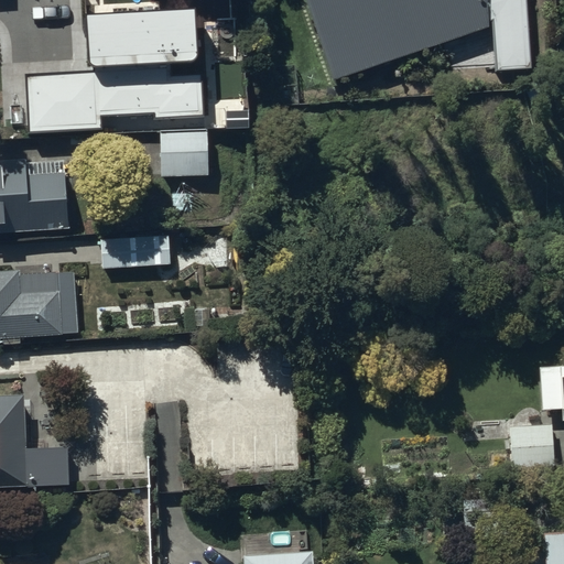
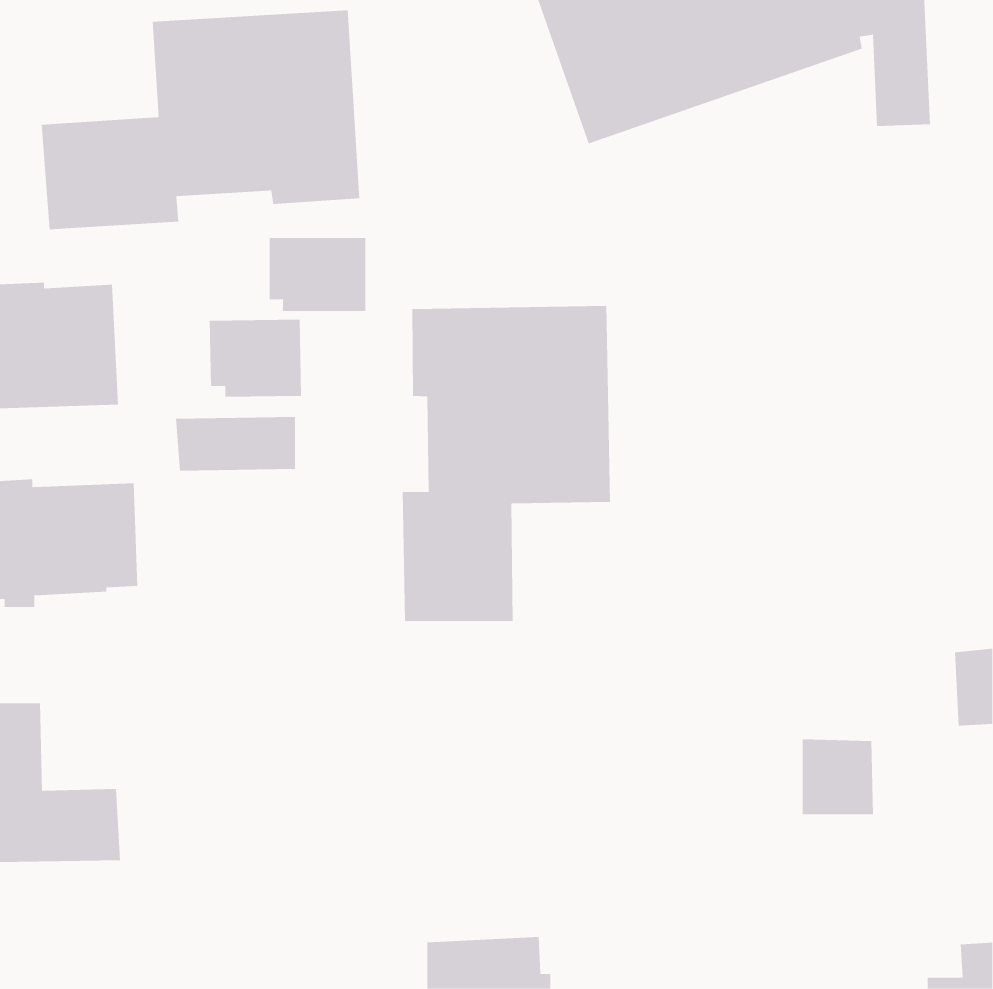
building: none -> [402,305,611,622]
building: none -> [209,319,301,398]
building: [511,424,552,467] -> [802,739,874,815]

